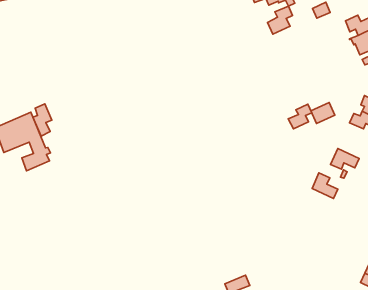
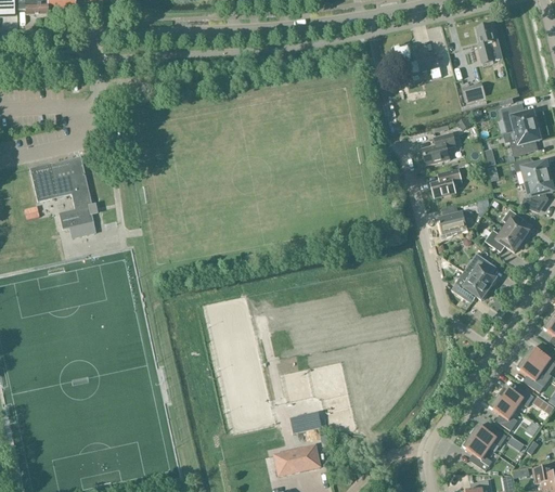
building: [267,6,293,34] -> [423,132,456,165]
building: [33,104,52,136] -> none
building: [288,104,312,129] -> [431,169,463,197]
building: [312,173,338,198] -> [465,253,498,288]

